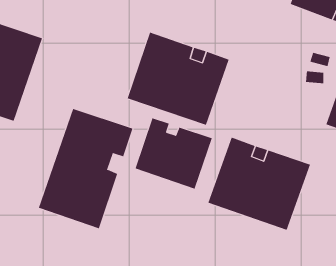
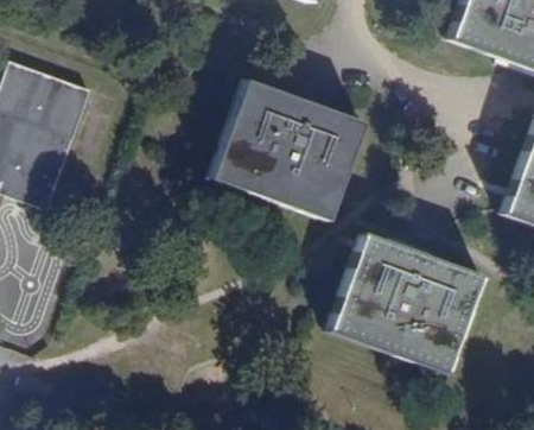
building: [38,108,133,229] -> none
building: [135,117,213,190] -> none

